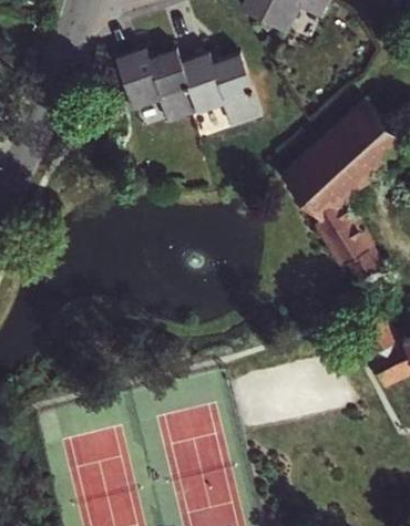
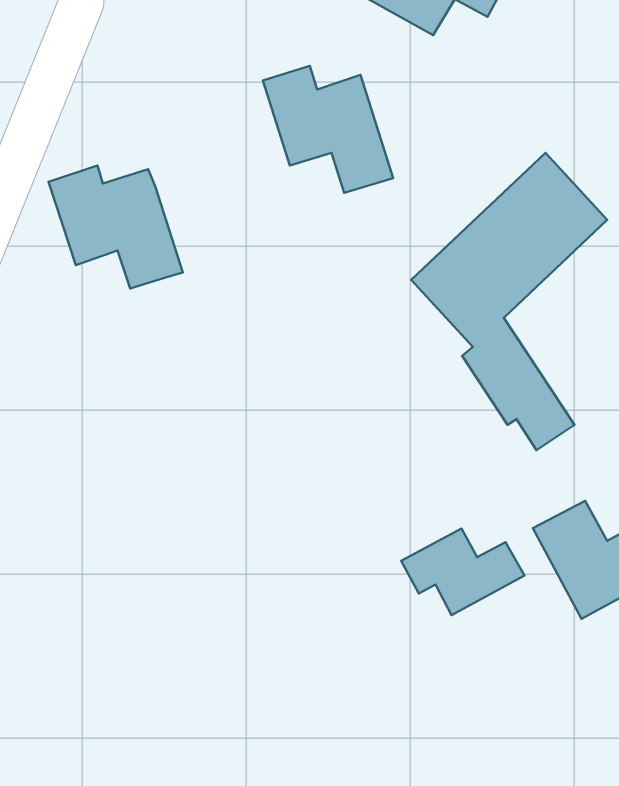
building: [123,44,205,120] -> [49,165,183,289]
building: none -> [401,528,524,615]

